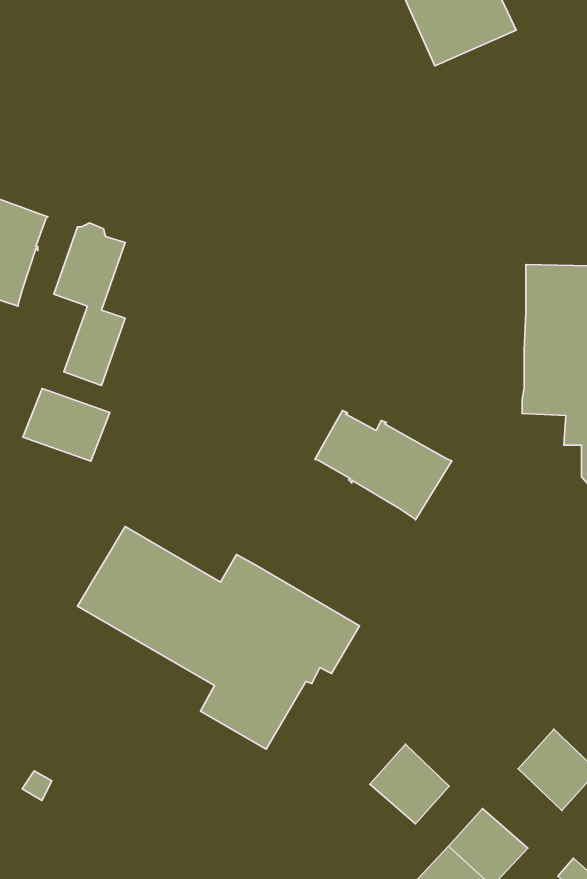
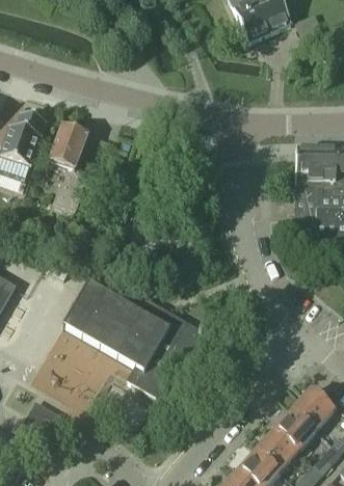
building: [23,389,110,461] -> none
building: [315,410,452,520] -> none
building: [370,744,449,824] -> [273,408,315,450]

